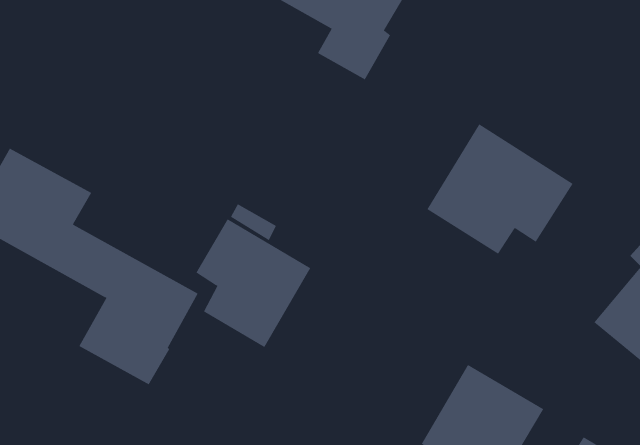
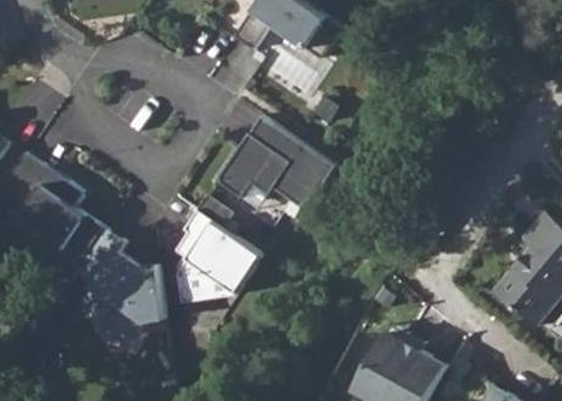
building: [426,124,574,254] -> [216,116,334,221]

